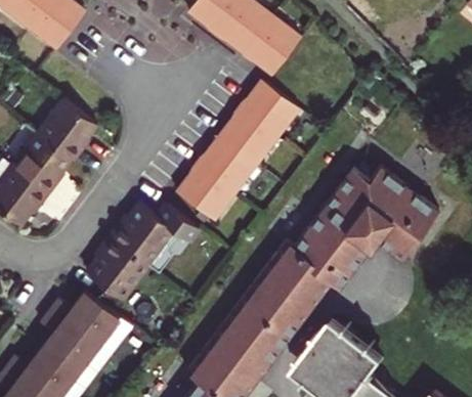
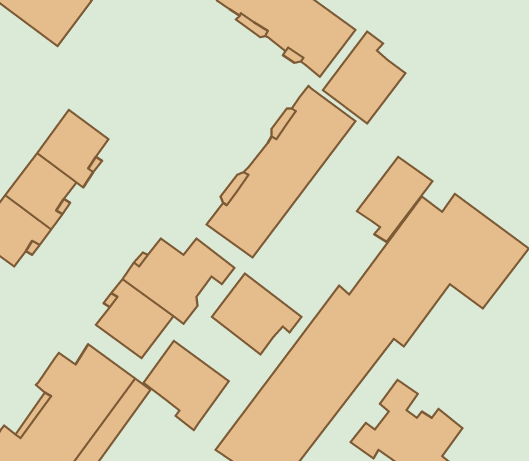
building: none -> [323,31,406,123]
building: none -> [357,157,433,242]
building: none -> [212,273,302,354]
building: none -> [143,341,229,430]

